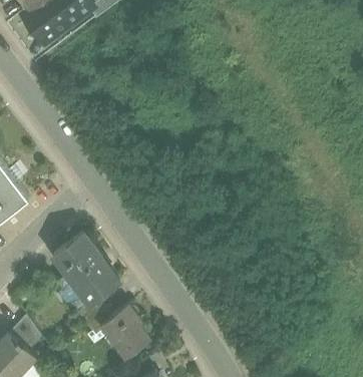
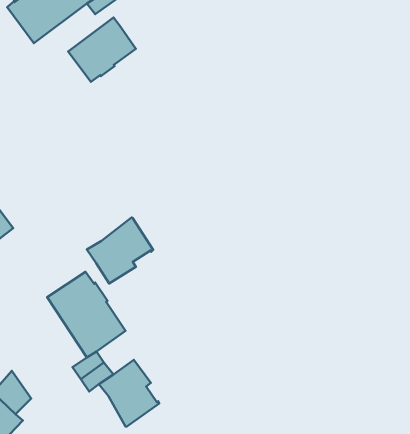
building: none -> [68,18,136,82]
building: none -> [87,218,153,283]

